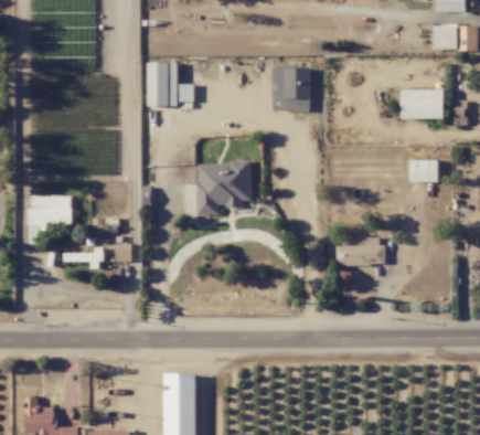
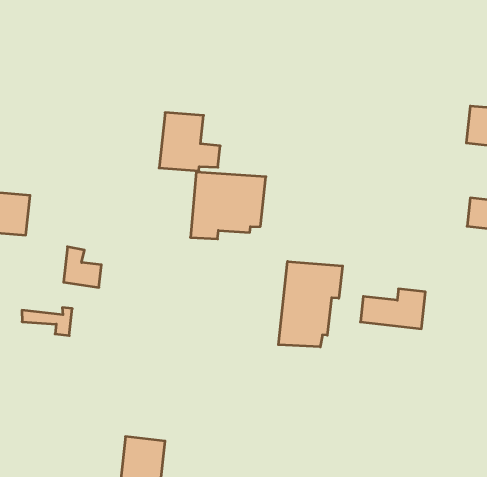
building: [148,62,193,106] -> [159,113,220,171]
building: [271,67,310,110] -> none
building: none -> [278,261,343,347]
building: [63,247,102,268] -> [22,308,72,336]

